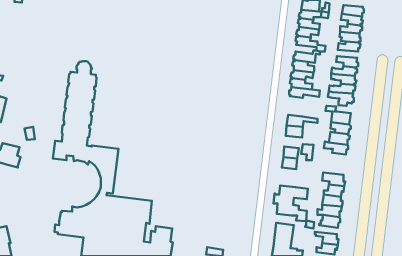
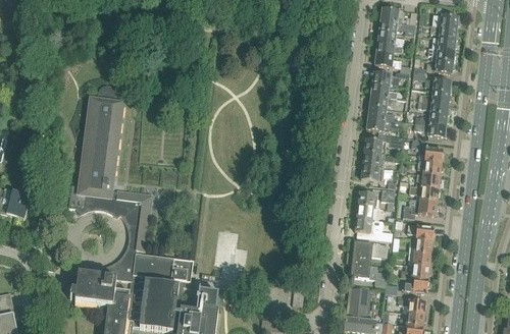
building: none -> [364,134,403,154]
building: none -> [403,200,439,218]
building: none -> [355,218,393,240]

